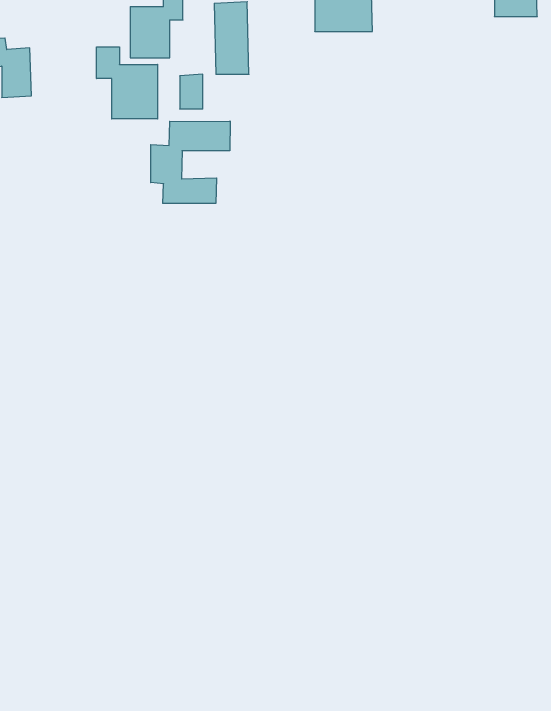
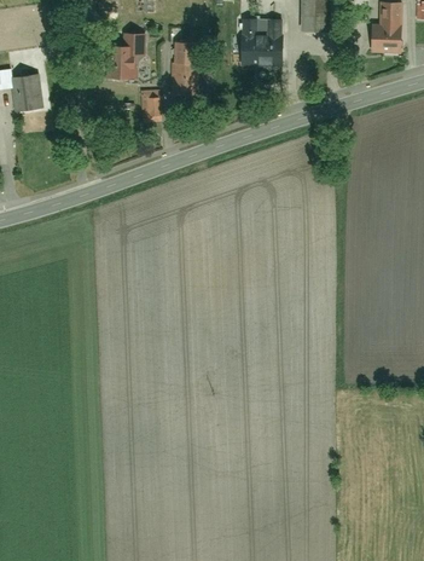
building: [97,47,158,119] -> none
building: [151,121,230,203] -> none

